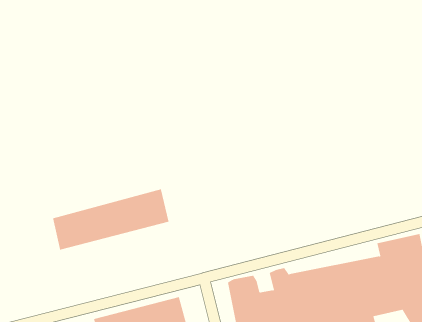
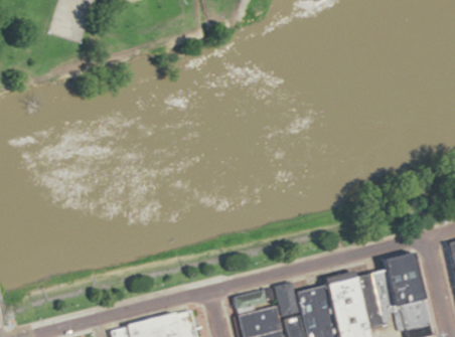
building: [52,189,169,250] -> none

